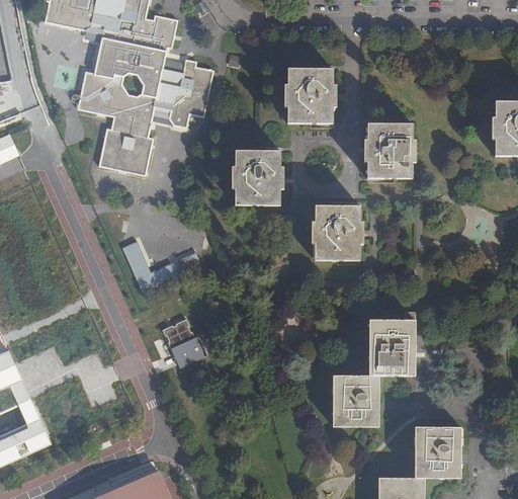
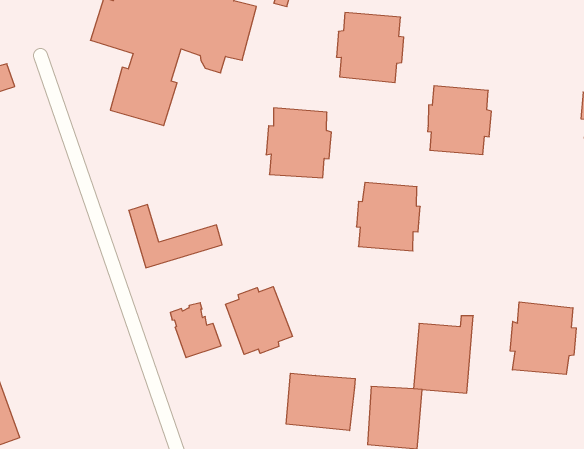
building: none -> [510,302,576,374]
building: none -> [226,287,293,354]
building: none -> [286,373,355,431]

